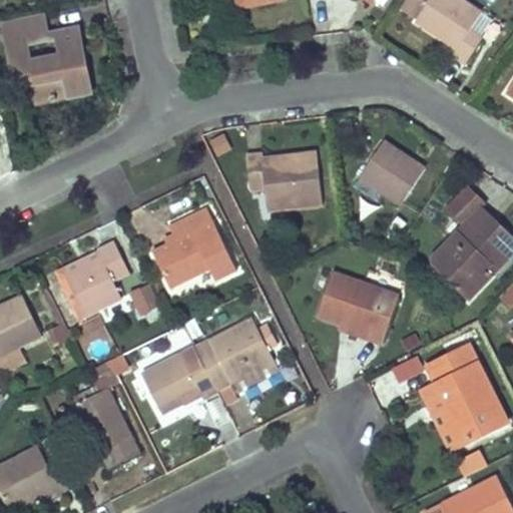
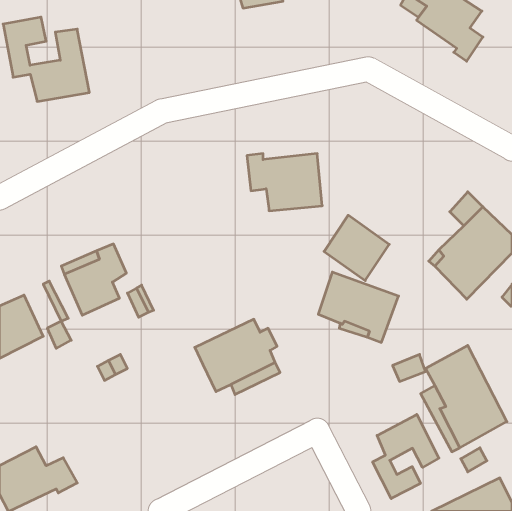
building: [360,138,425,203] -> [324,215,389,281]
building: [153,210,237,288] -> none
building: [143,347,215,413] -> none
building: [72,387,138,467] -> none
building: none -> [373,414,439,499]

